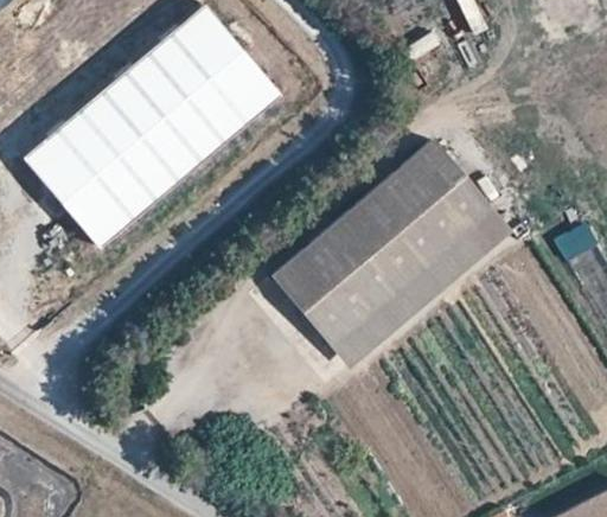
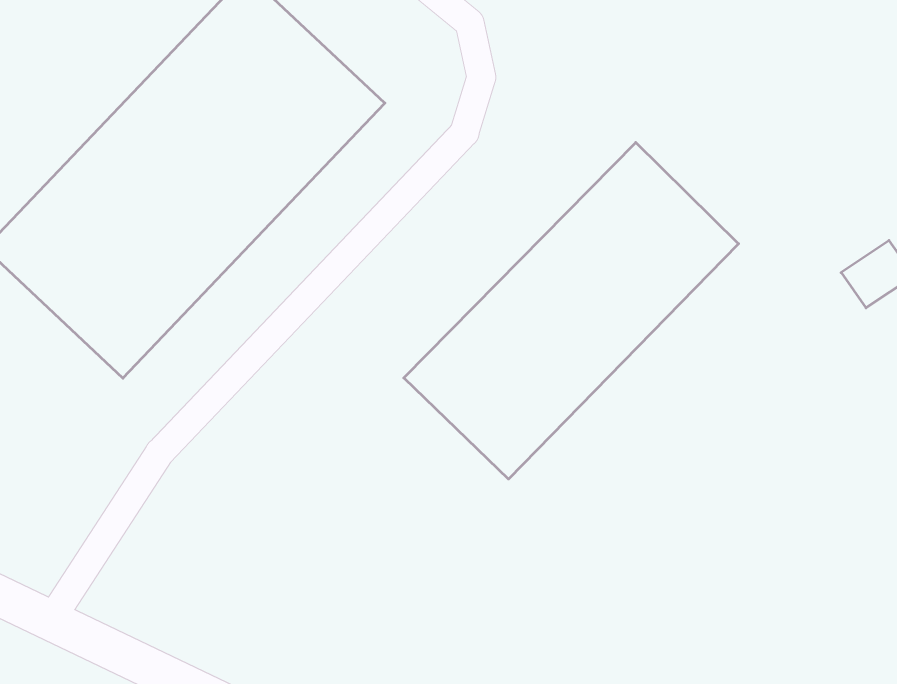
building: [332,209,510,363] -> none

